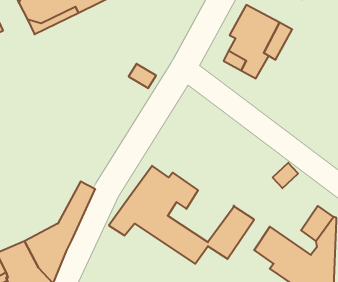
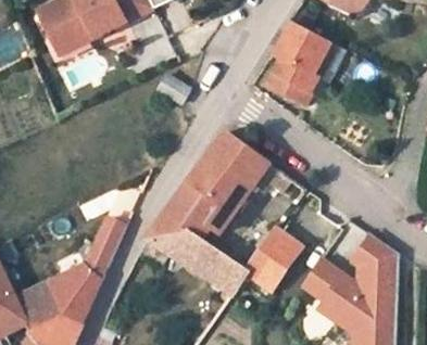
building: none -> [188,143,293,225]

